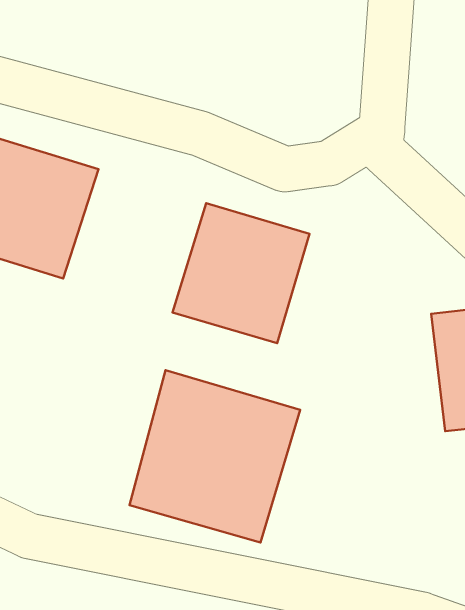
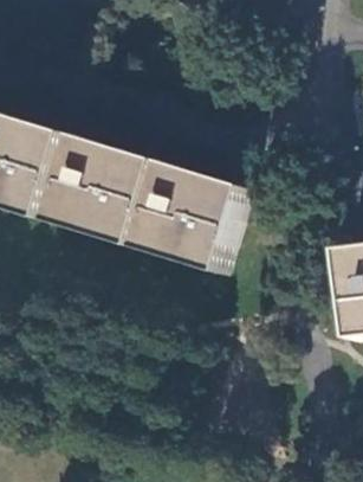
building: none -> [52,136,162,246]
building: [129,370,300,542] -> none

